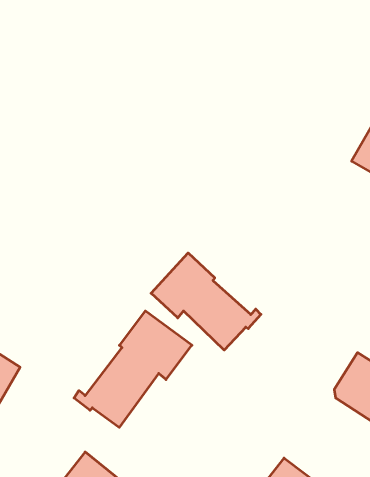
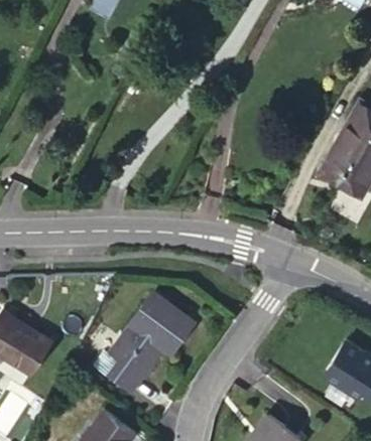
building: [151,253,261,350] -> none

